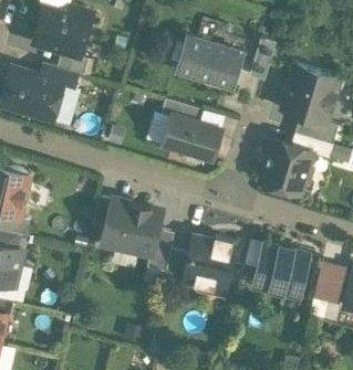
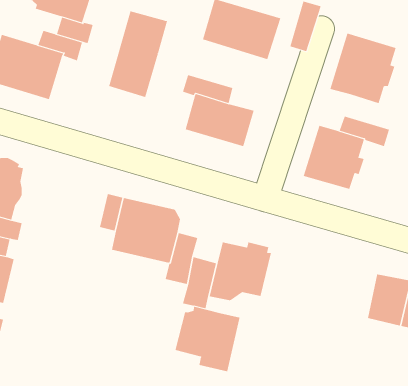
building: none -> [108,10,168,98]
building: [294,116,338,145] -> none
building: [252,244,310,298] -> none
building: none -> [175,306,241,372]

